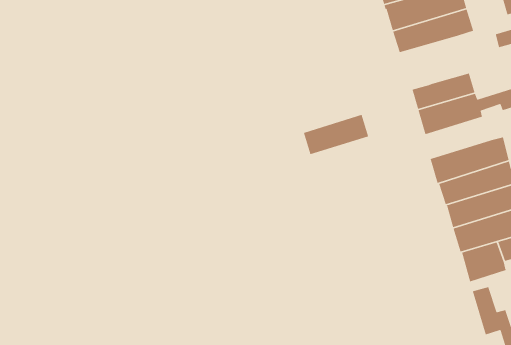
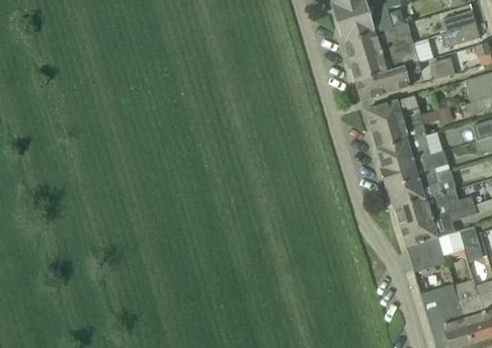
building: none -> [355,65,411,100]
building: [303,114,369,155] -> [376,133,431,167]

